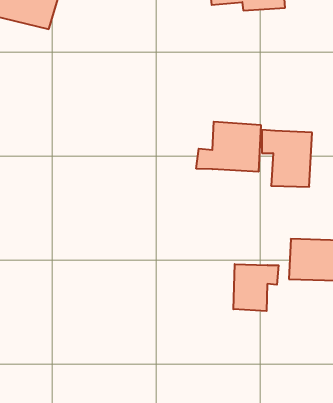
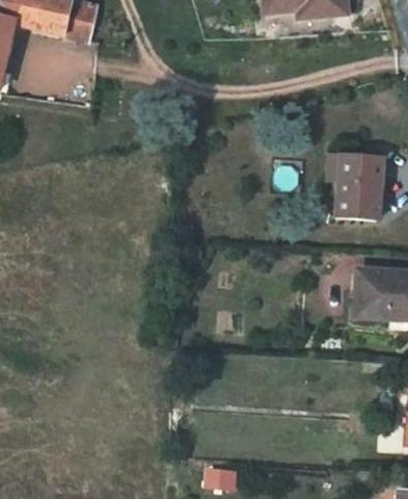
building: [196,122,261,172] -> none
building: [233,264,279,311] -> none

